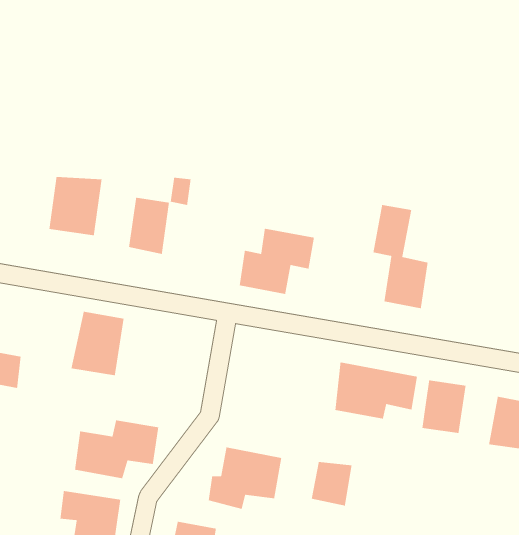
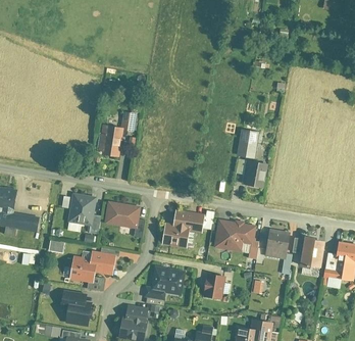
building: [49,176,103,236] -> none
building: [239,228,315,295] -> [162,208,205,246]
building: none -> [105,200,143,228]

